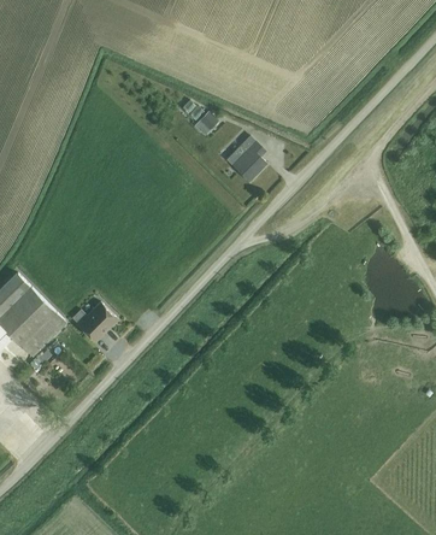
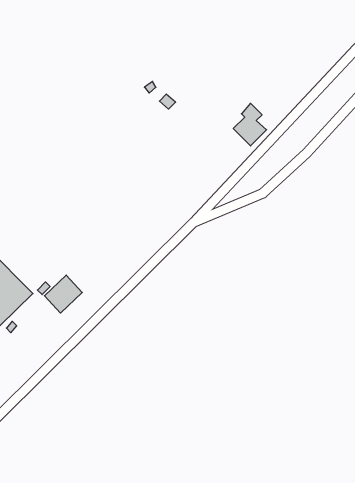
building: [230,136,265,181] -> [233,103,267,146]

